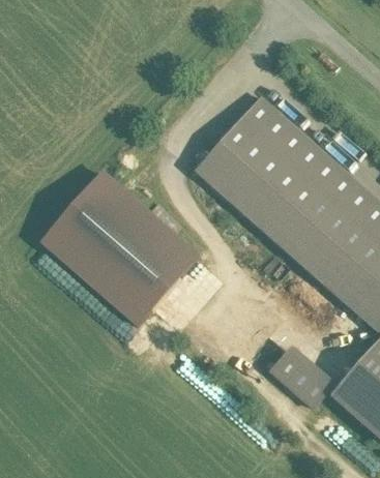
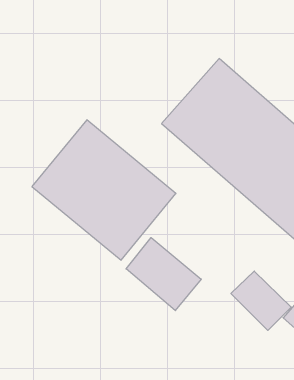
building: none -> [126,238,201,311]

